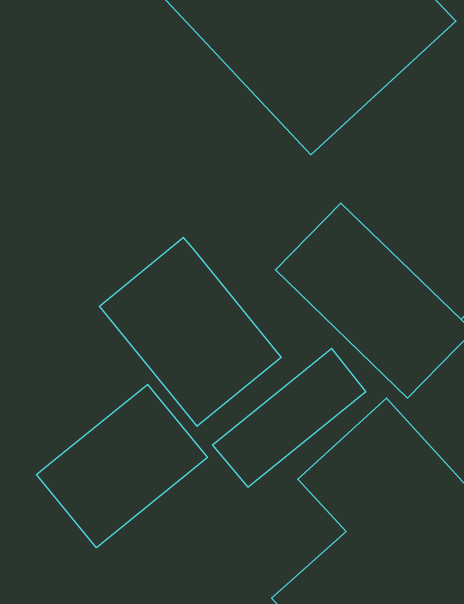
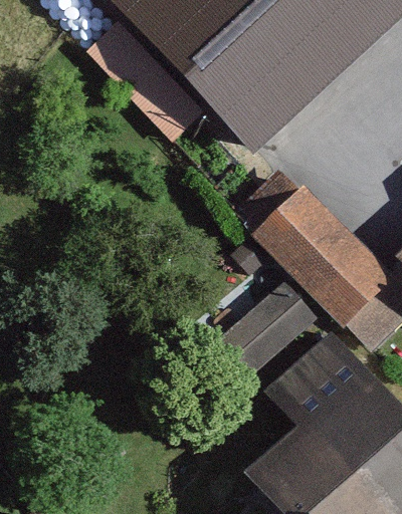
building: [100,237,281,426] -> none
building: [37,384,207,548] -> none

